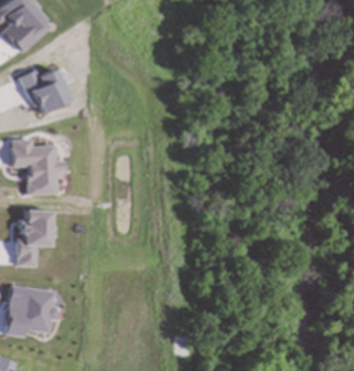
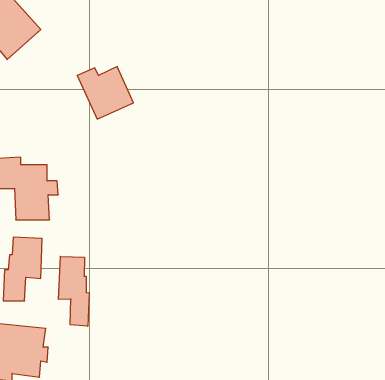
building: [19,68,68,115] -> [77,67,133,119]
building: none -> [58,256,89,326]

